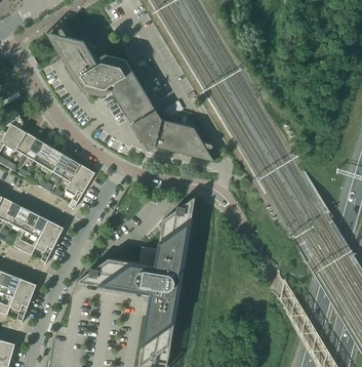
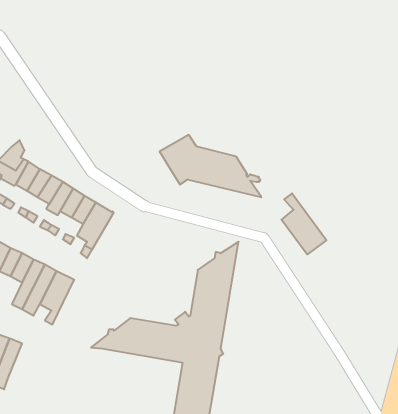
building: [48,29,154,122] -> none
building: none -> [281,193,326,254]
building: [9,279,36,322] -> none

